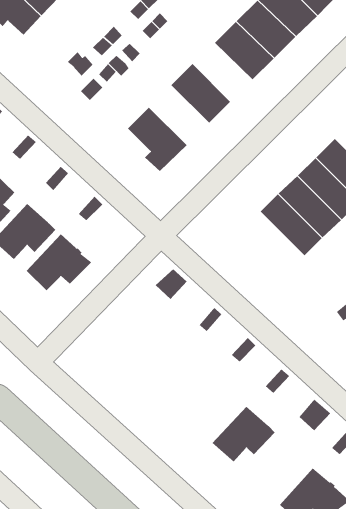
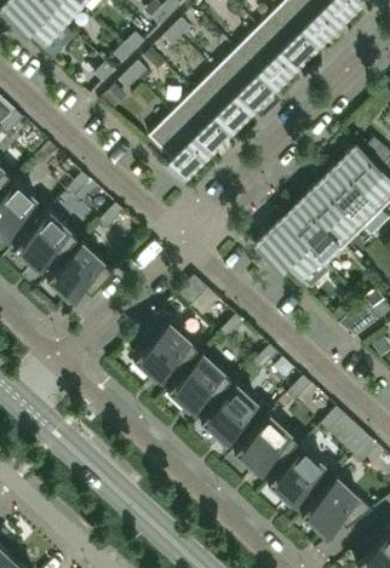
building: none -> [213,51,274,110]
building: none -> [170,93,230,154]
building: none -> [254,220,326,279]
building: none -> [132,312,196,380]
building: none -> [166,354,230,411]
building: none -> [200,384,256,442]
building: none -> [266,446,331,504]

